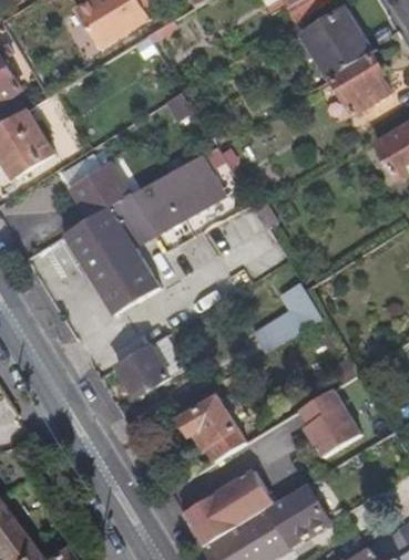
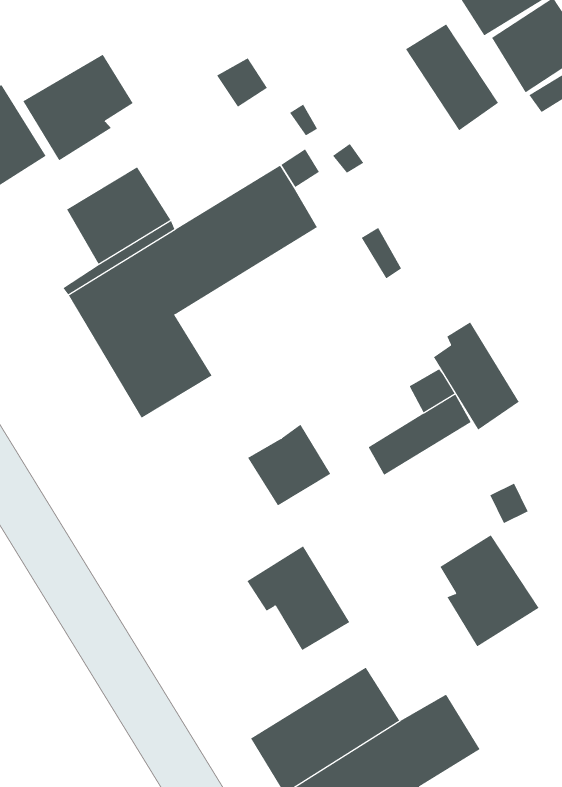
building: none -> [405,24,499,131]
building: none -> [23,54,133,161]
building: none -> [433,321,520,430]
building: [116,344,168,395] -> [247,424,331,506]

